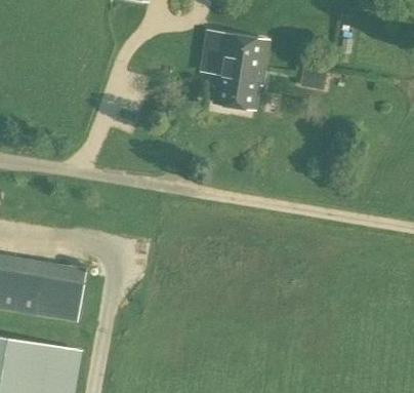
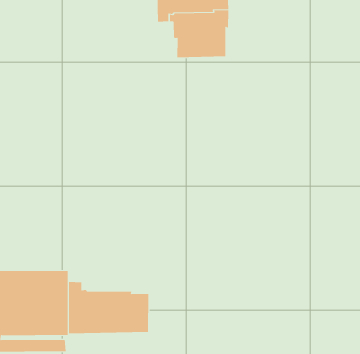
building: none -> [68,281,149,334]

